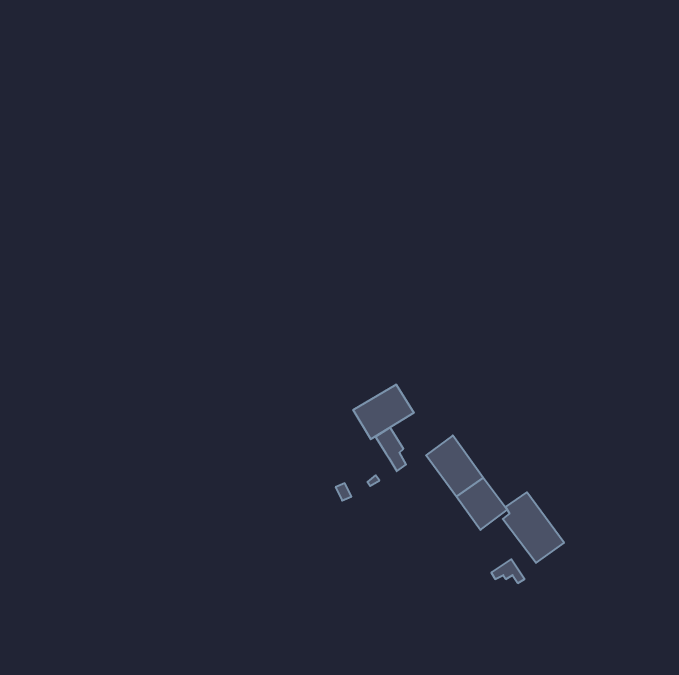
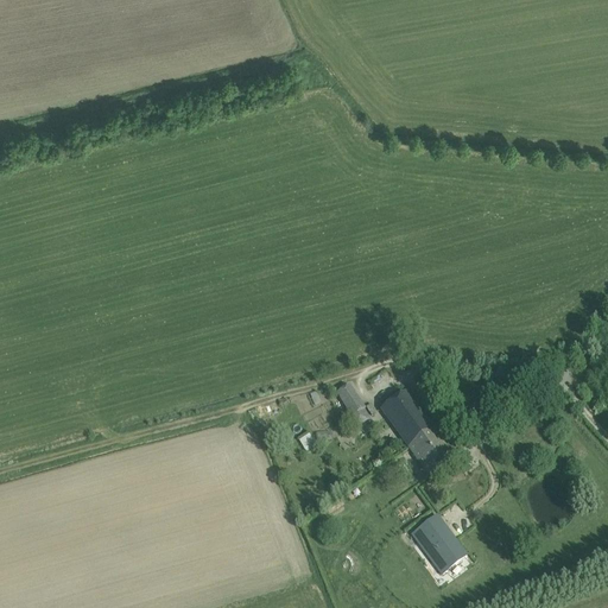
building: [353,384,414,439] -> none
building: [503,492,564,563] -> [411,508,466,571]

